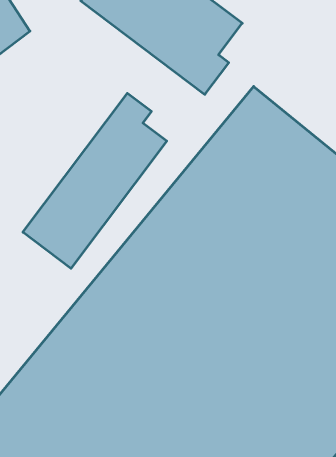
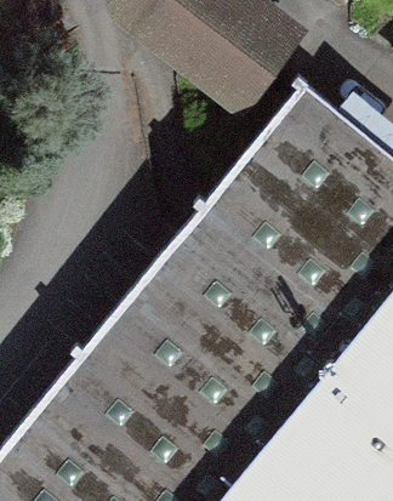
building: [23,93,167,268] -> none

